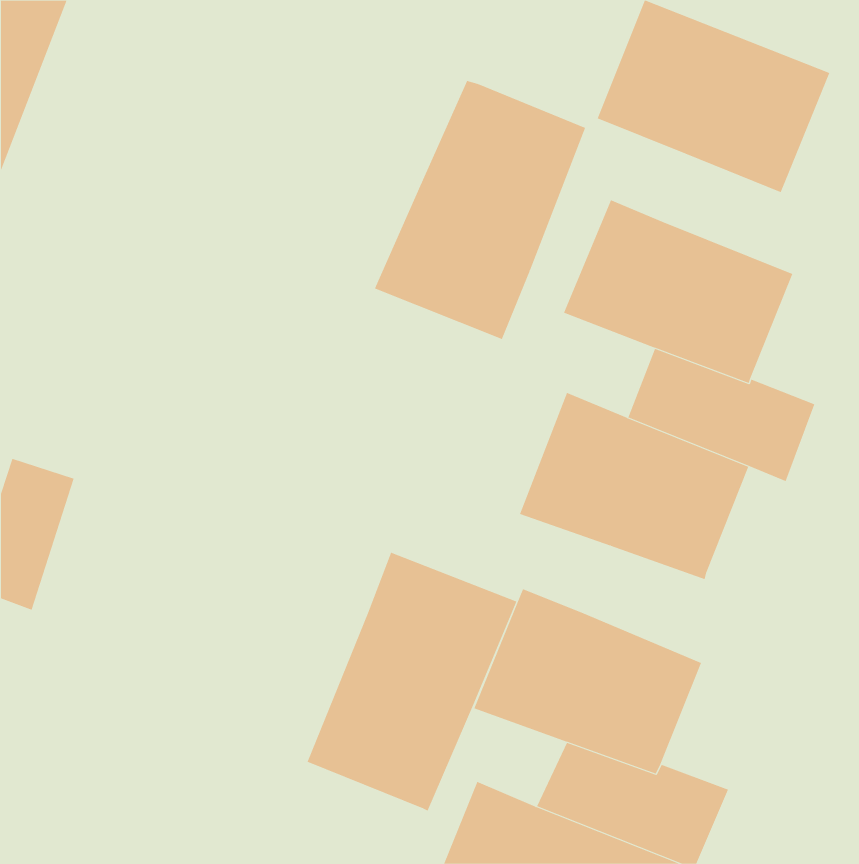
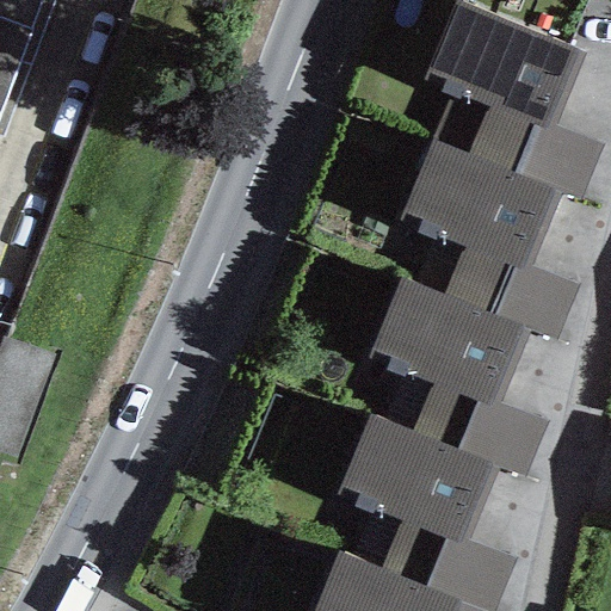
building: [374,80,586,340] -> none
building: none -> [471,109,605,202]
building: none -> [414,385,549,477]
building: [307,552,517,811] -> none

